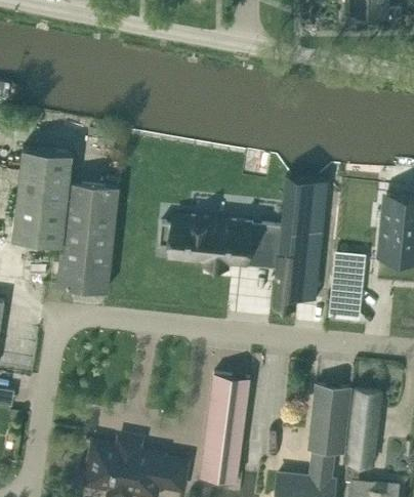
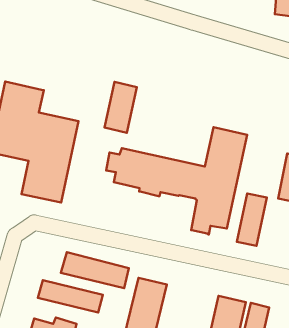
building: none -> [105,82,137,133]
building: none -> [61,252,129,288]
building: none -> [38,280,103,312]

